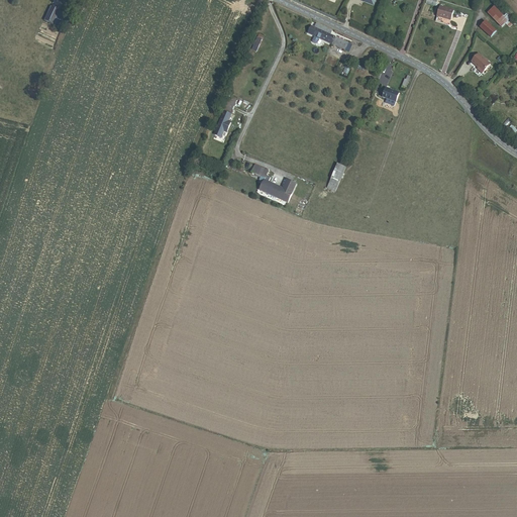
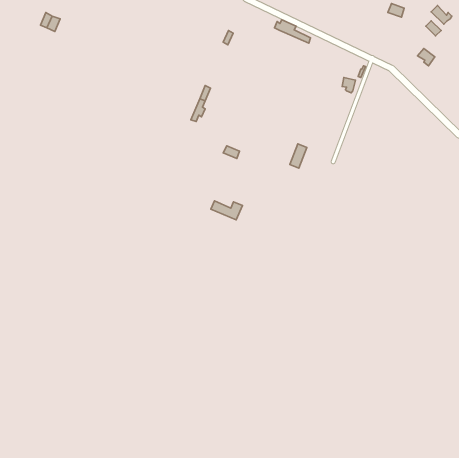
building: [261,180,296,201] -> [211,201,242,220]

